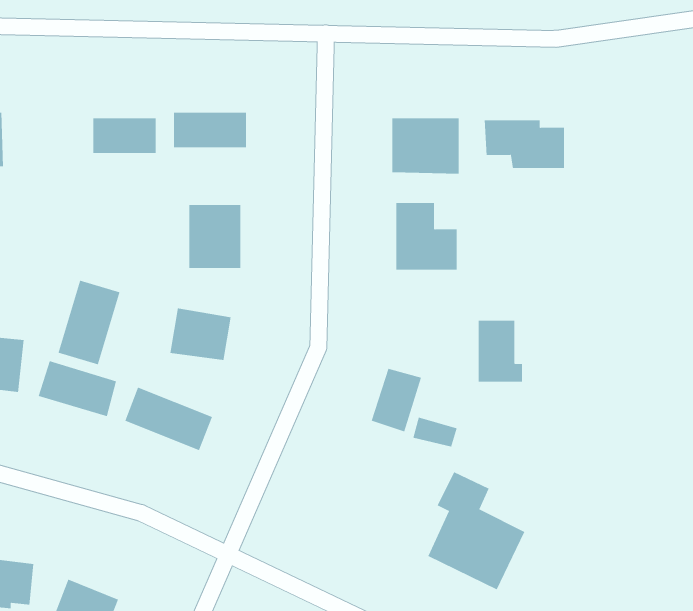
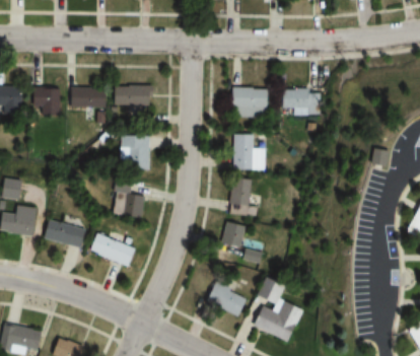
building: none -> [33,85,61,115]
building: [58,280,120,365] -> none
building: [478,320,523,382] -> [232,182,257,215]
building: none -> [205,282,250,317]

